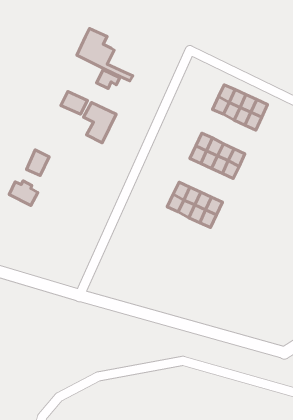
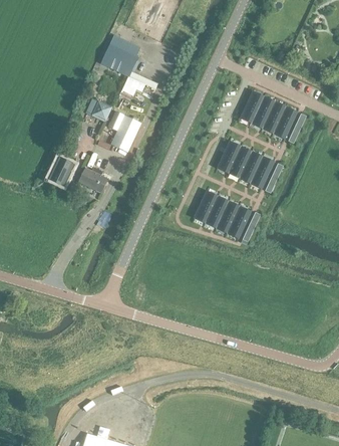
building: [9,181,38,205] -> [80,167,109,192]

